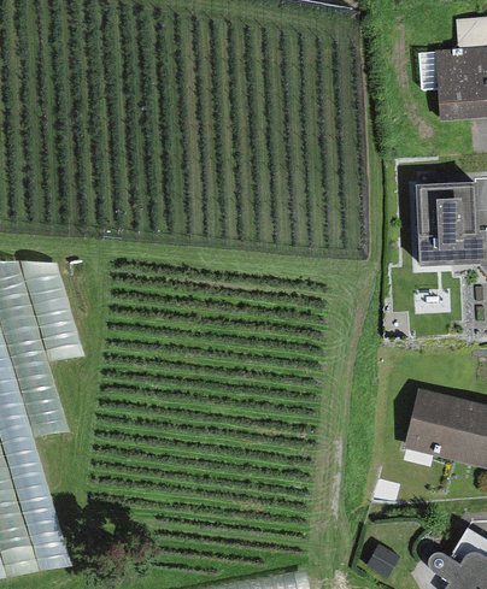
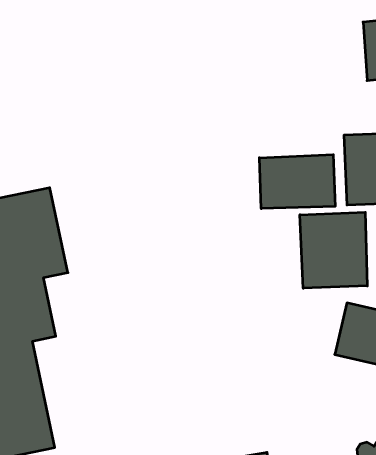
building: none -> [259,155,335,209]
building: none -> [300,212,367,288]

